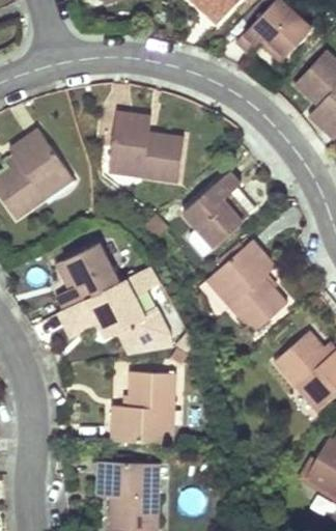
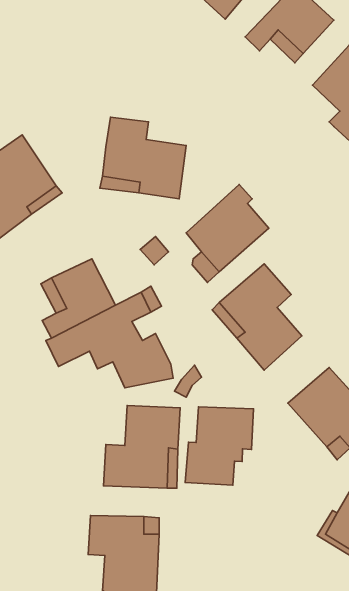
building: none -> [185,407,254,485]

